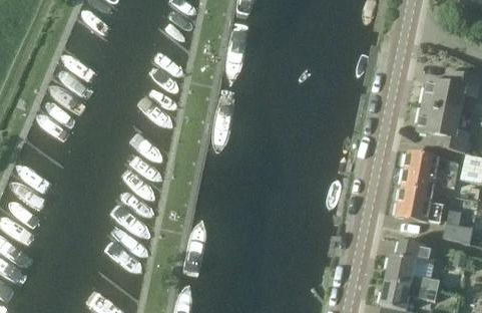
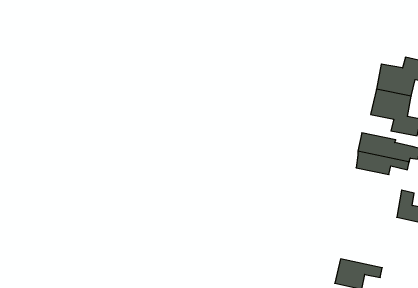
building: [397,185,445,223] -> none
building: [387,239,440,288] -> none

